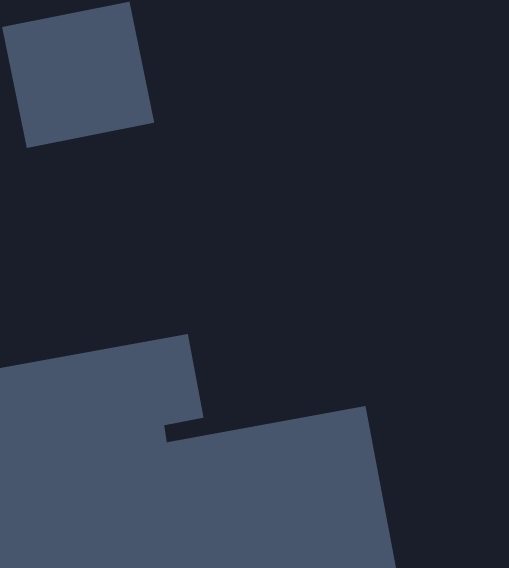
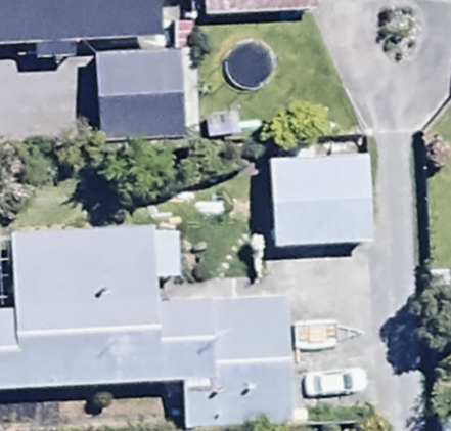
building: none -> [268,119,369,227]

